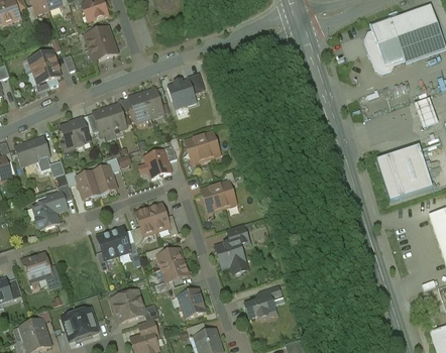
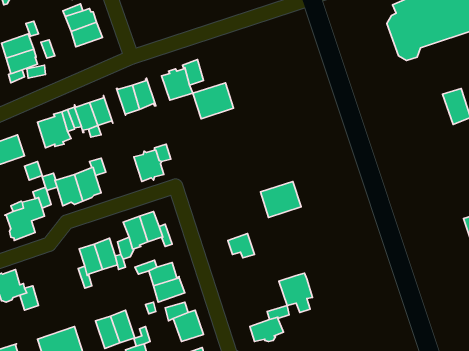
building: [185,132,220,163] -> [193,83,234,119]
building: [377,147,430,200] -> none
building: [201,181,236,212] -> [260,181,301,217]
building: [215,239,244,273] -> [279,273,313,313]

